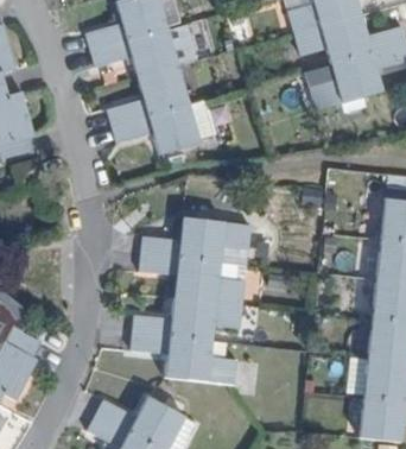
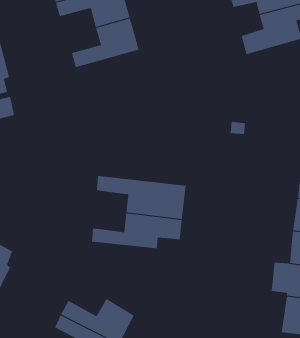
building: [113,100,212,156] -> none
building: [139,217,248,265] -> none
building: [129,331,234,384] -> none

